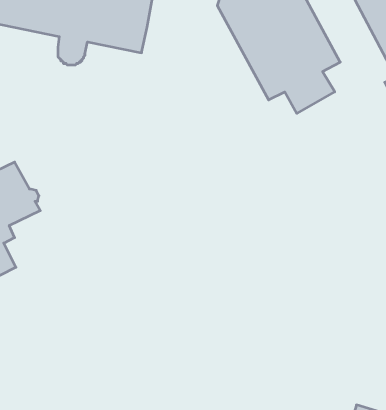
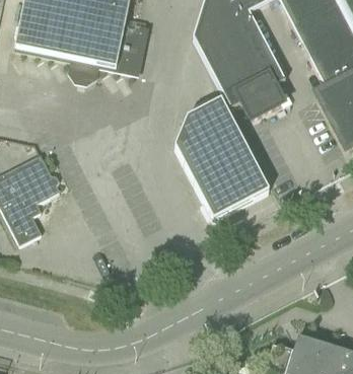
building: none -> [174,97,269,218]

